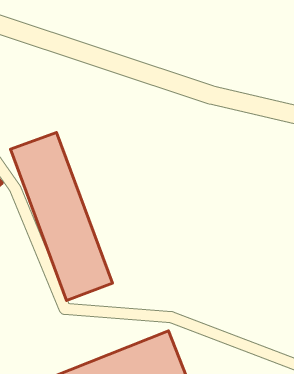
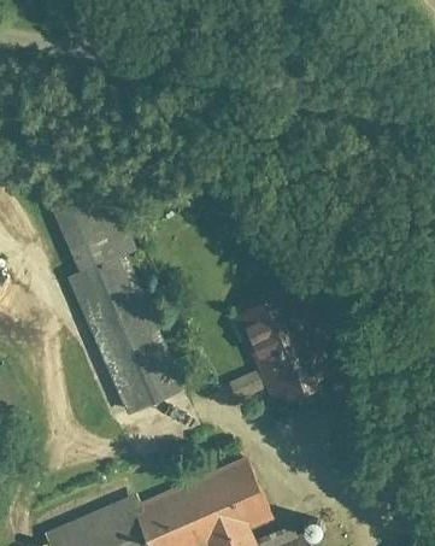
building: none -> [239,298,329,424]

